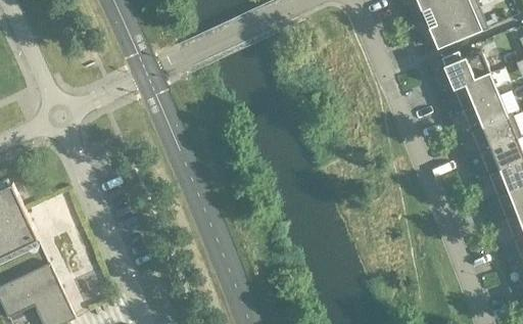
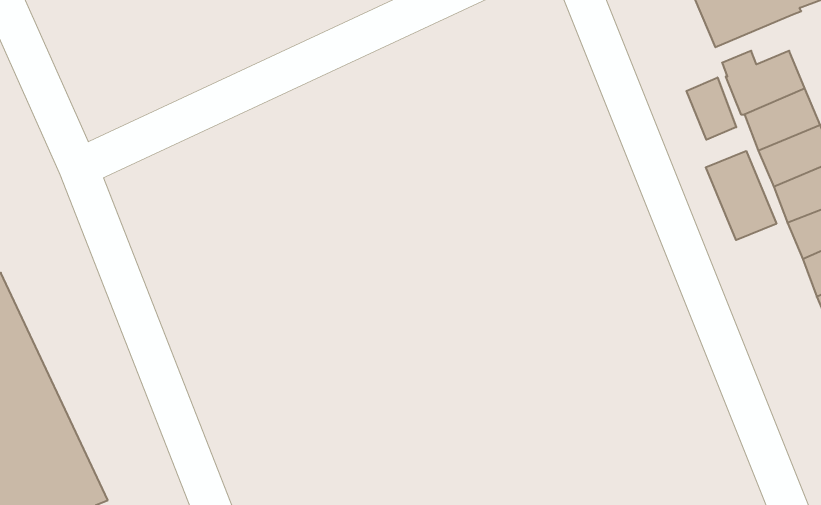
building: none -> [686,77,736,140]
building: none -> [706,151,776,240]

